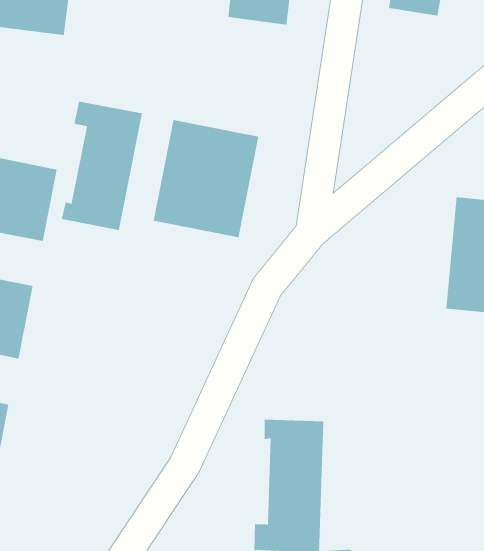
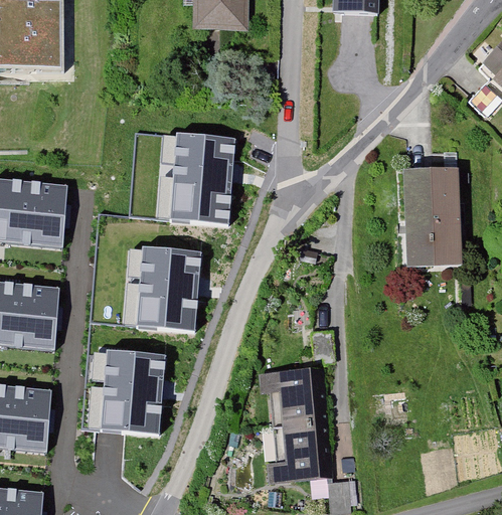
building: [61,101,143,231] -> none
building: none -> [123,241,204,335]
building: none -> [91,347,172,441]

